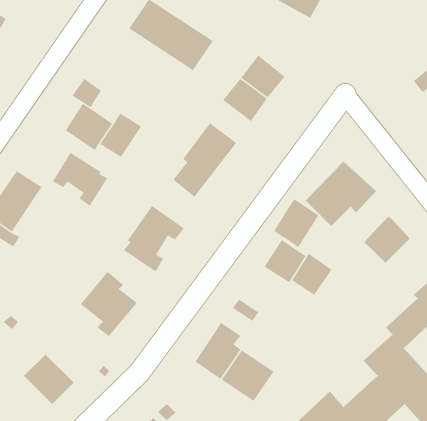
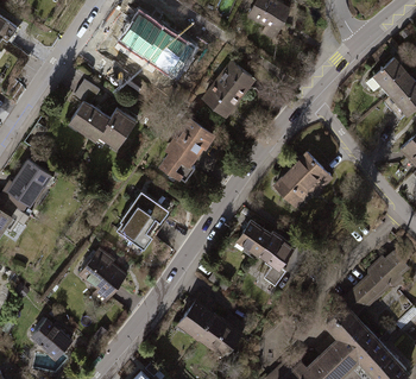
building: [52,152,109,207] -> none
building: [273,198,320,248] -> none
building: [363,216,410,263] -> none

